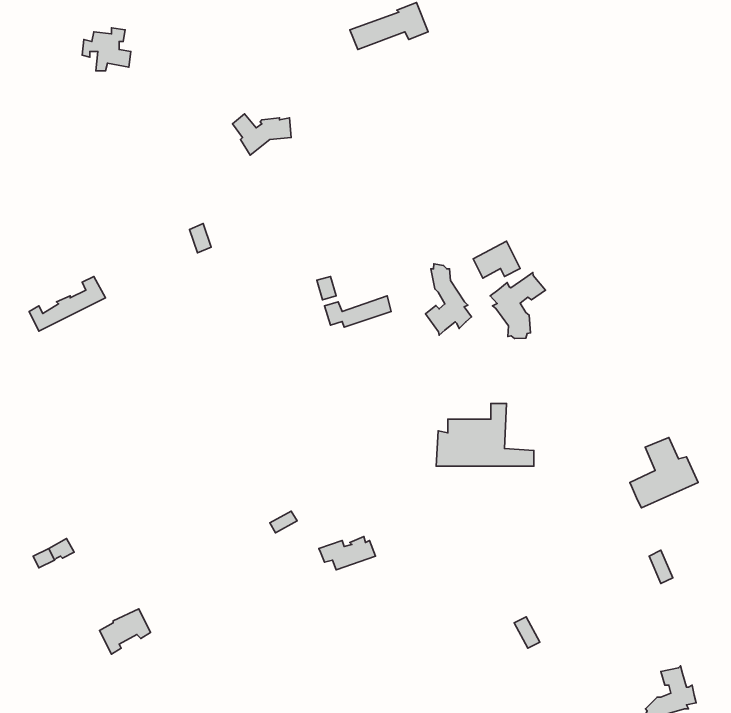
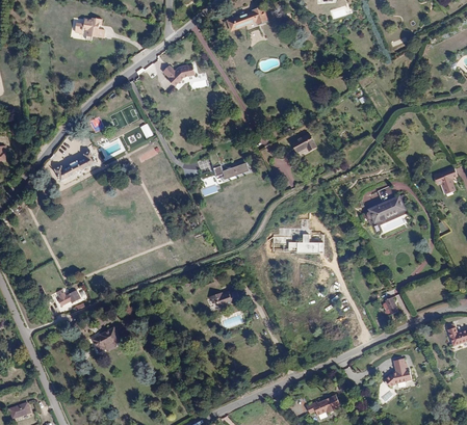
building: [425,264,472,335] -> none
building: [490,273,546,338] -> none
building: [630,437,698,508] -> [368,186,405,223]

